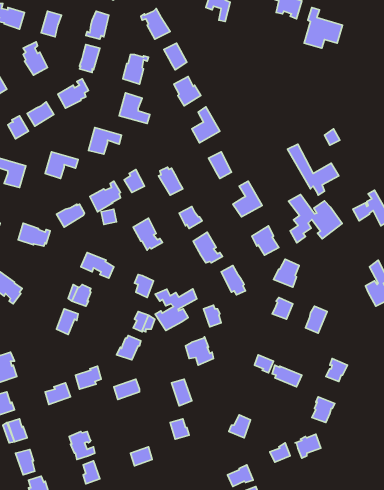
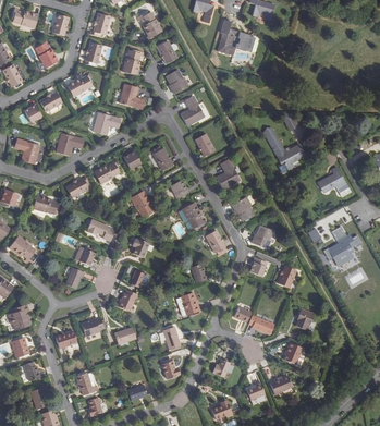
building: [304,7,342,48] -> [217,20,249,54]
building: [288,195,342,243] -> none
building: [155,289,197,330] -> none

